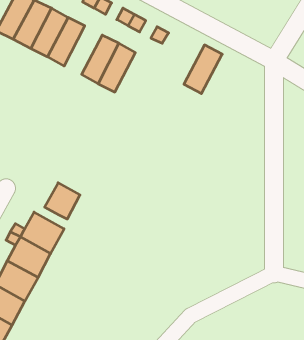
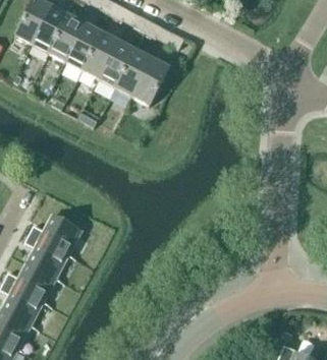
building: none -> [83,31,120,78]
building: [184,45,222,94] -> [132,57,170,105]
building: [45,183,80,219] -> none

